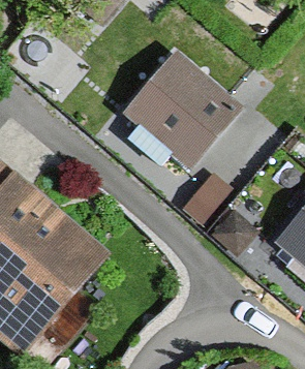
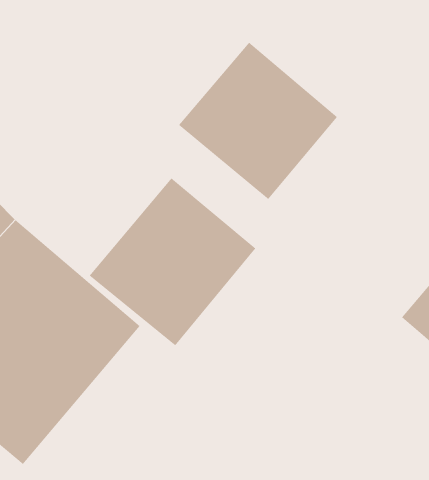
building: none -> [89,178,256,346]

